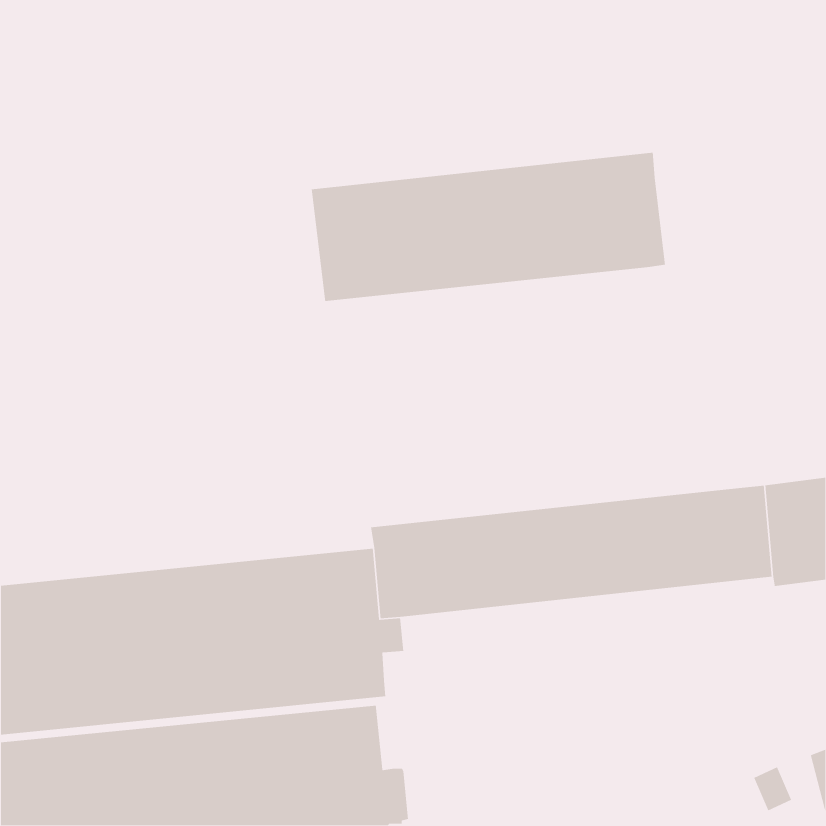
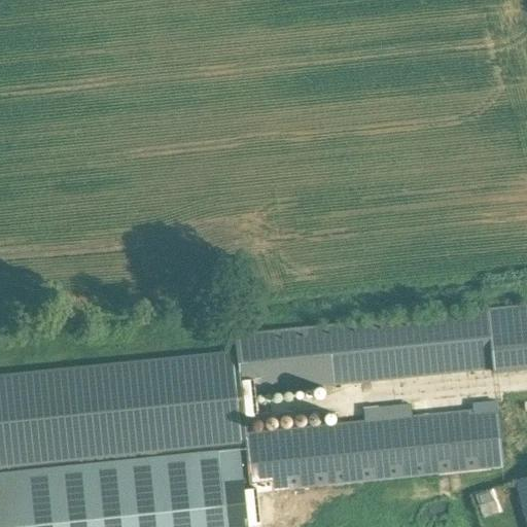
building: [311,152,666,302] -> none
building: none -> [245,400,501,491]

